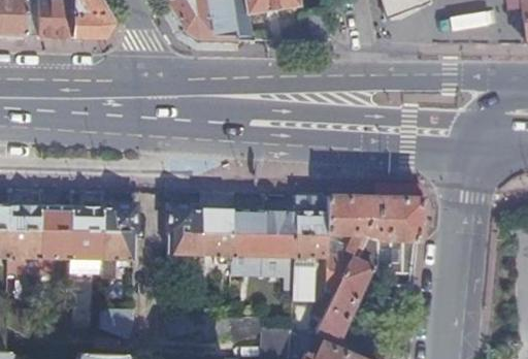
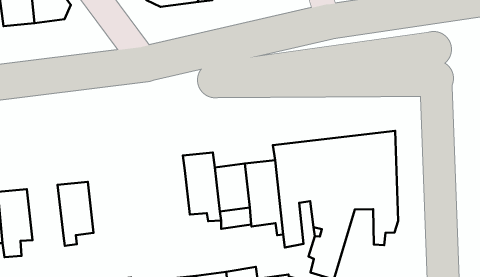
building: [102,204,138,275] -> none
building: [40,205,73,271] -> none
building: [169,205,204,254] -> none

